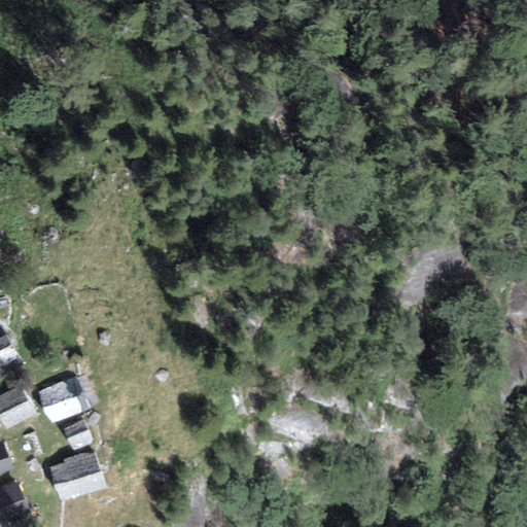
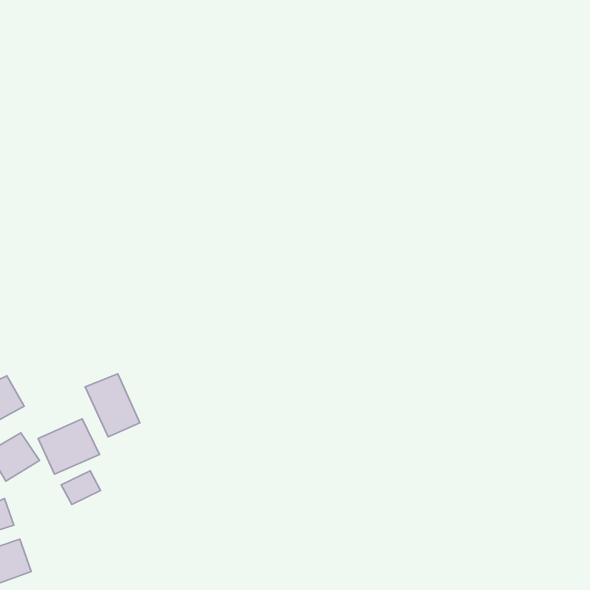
building: none -> [85,374,140,437]
building: [45,448,107,504] -> none

